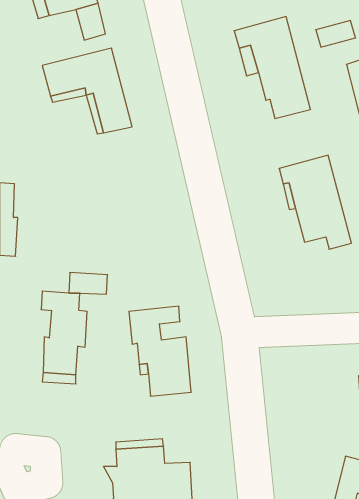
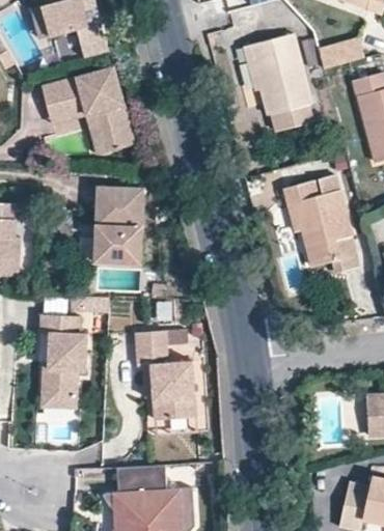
building: none -> [94,187,143,263]

